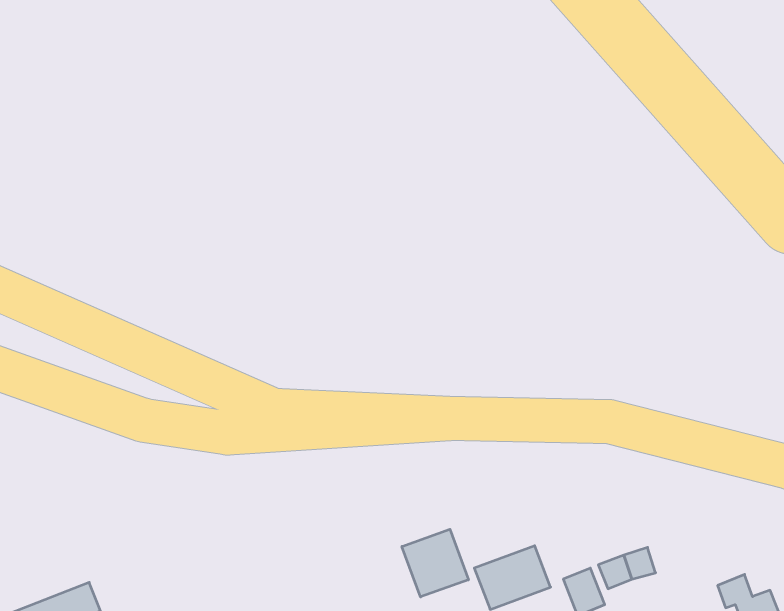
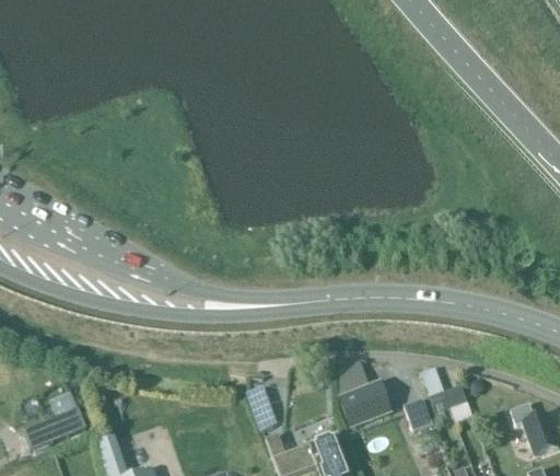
building: [402,529,468,597] -> none

